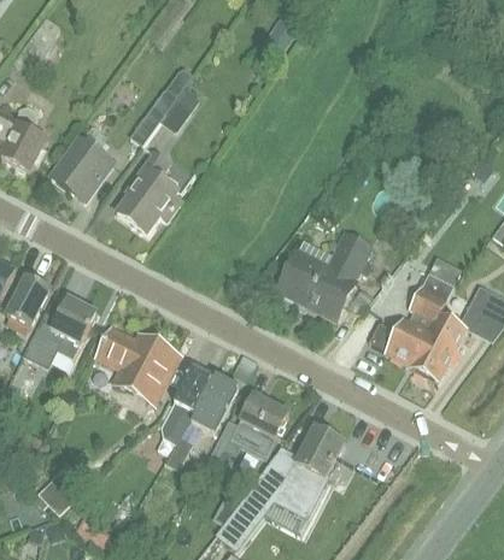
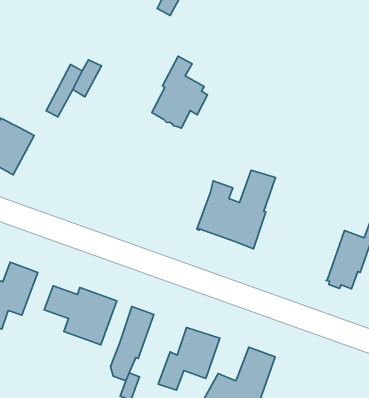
building: [117,153,181,232] -> [152,56,208,128]
building: [369,264,457,365] -> none
building: [193,376,236,432] -> none

